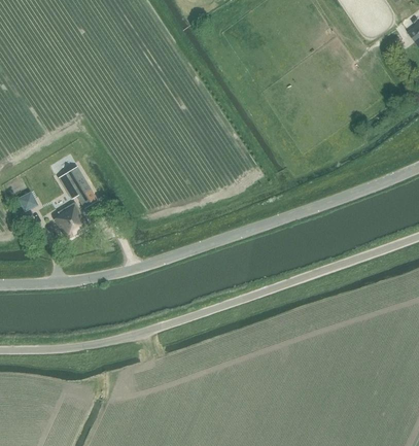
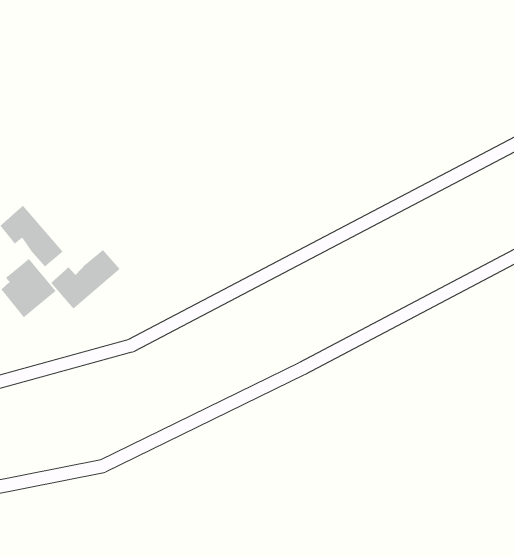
building: none -> [51,249,120,310]

